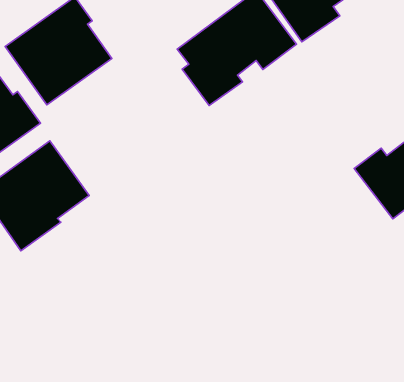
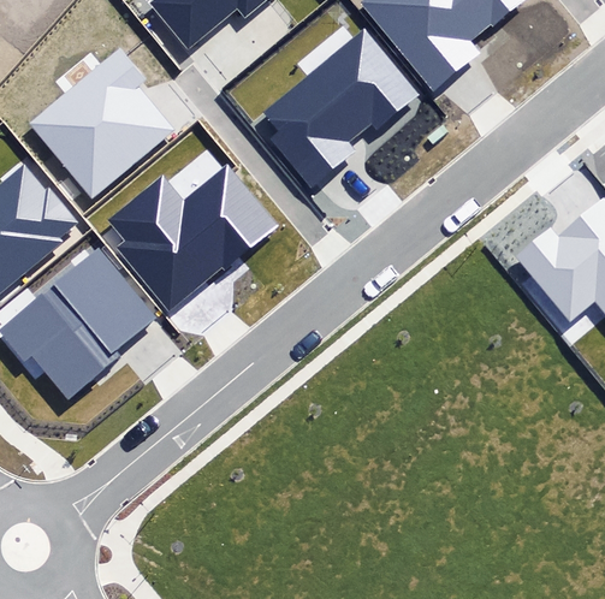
building: none -> [102,162,278,313]

